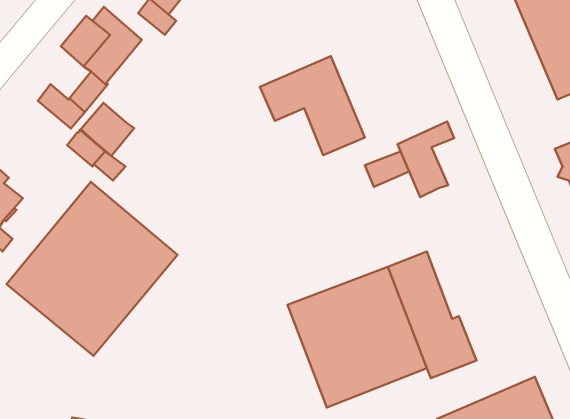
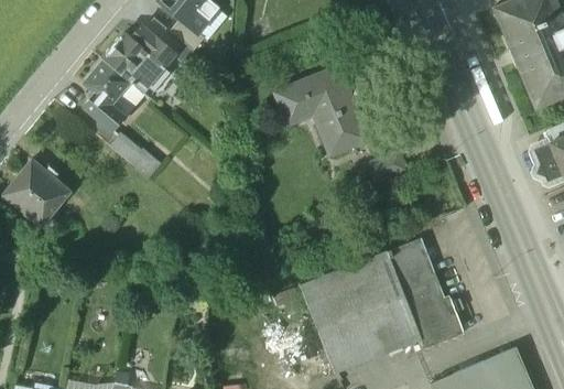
building: [81,103,134,156] -> [84,58,130,105]
building: [397,121,454,197] -> none
building: [6,182,177,356] -> none

